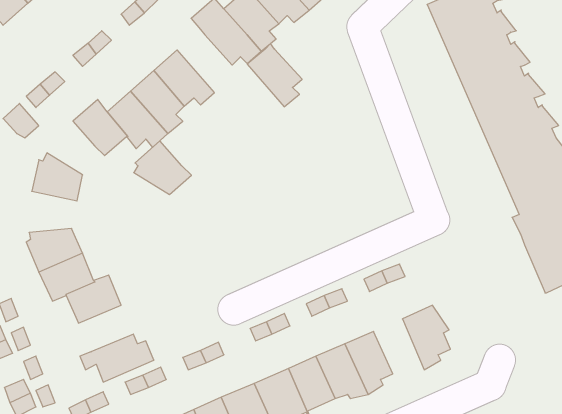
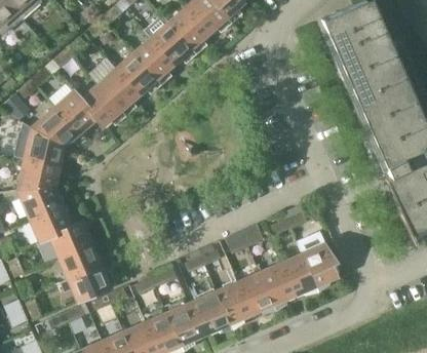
building: [247,44,302,107] -> [133,37,174,84]
building: [134,141,191,194] -> [36,106,79,146]
building: none -> [20,158,59,189]
building: none -> [60,243,101,278]
building: none -> [280,253,318,295]

